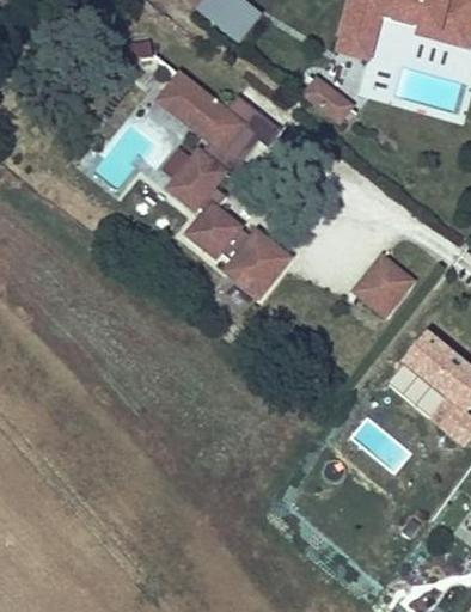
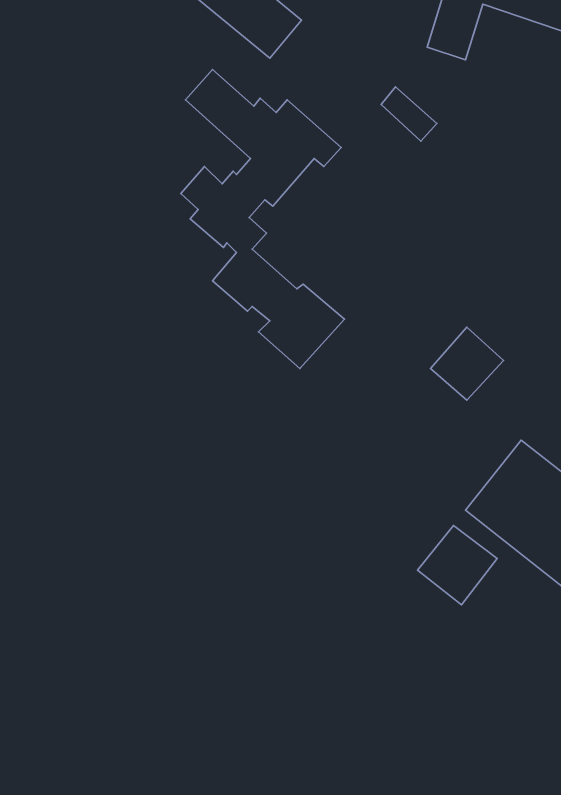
building: none -> [418,526,497,605]

